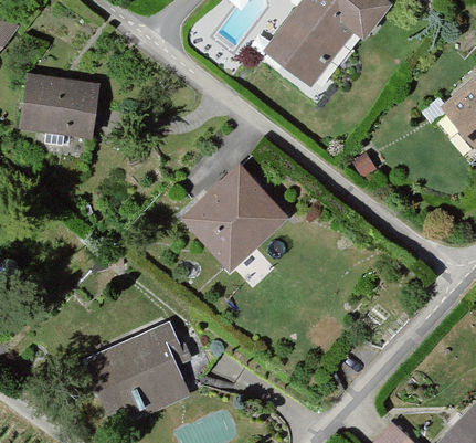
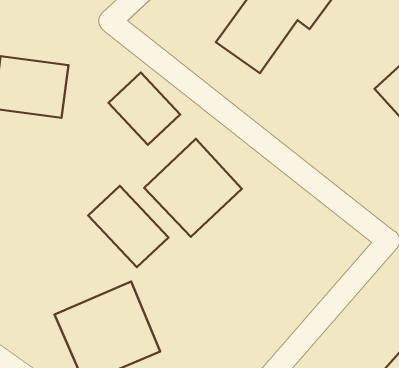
building: none -> [108,72,180,145]
building: none -> [88,186,168,267]

